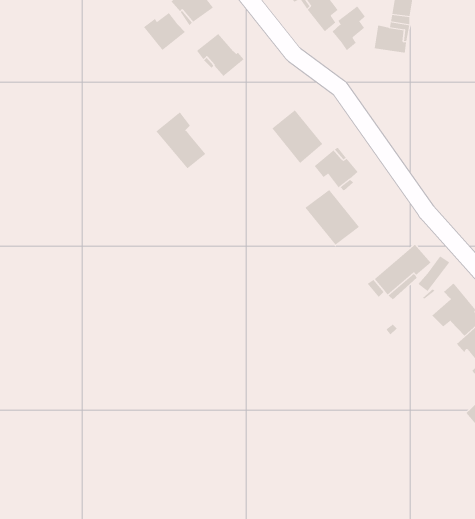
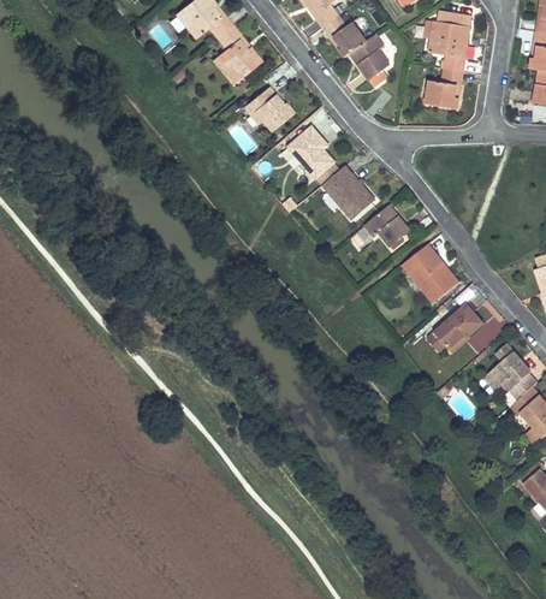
building: [332,5,365,51] -> none
building: [143,12,186,51] -> none
building: [155,111,206,169] -> [287,126,339,185]
building: [305,189,360,246] -> [402,244,458,302]

